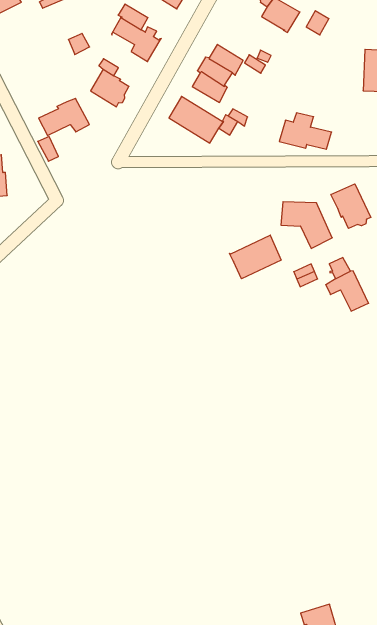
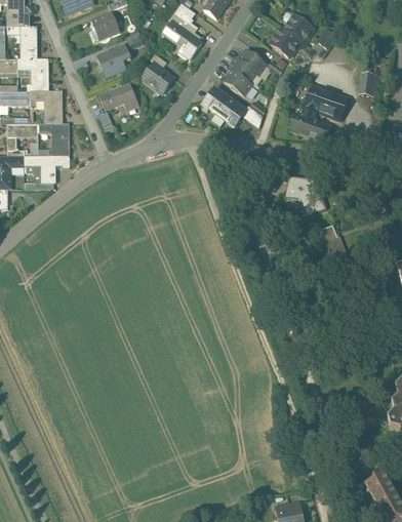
building: none -> [91,11,120,39]
building: none -> [270,28,300,57]
building: none -> [98,44,131,74]
building: none -> [304,86,348,121]
building: [331,184,371,228] -> none
building: [229,235,281,279] -> none

